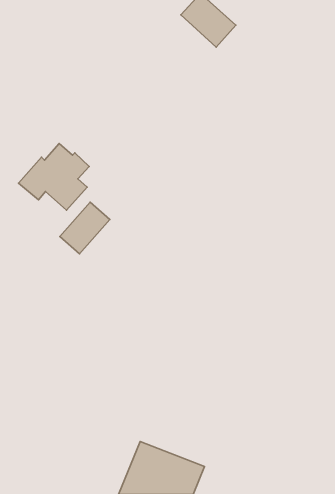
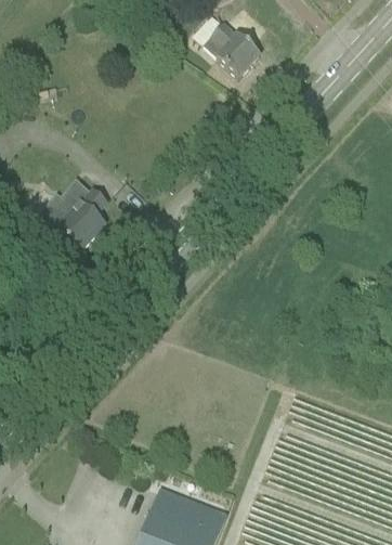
building: [60,202,110,254] -> none

